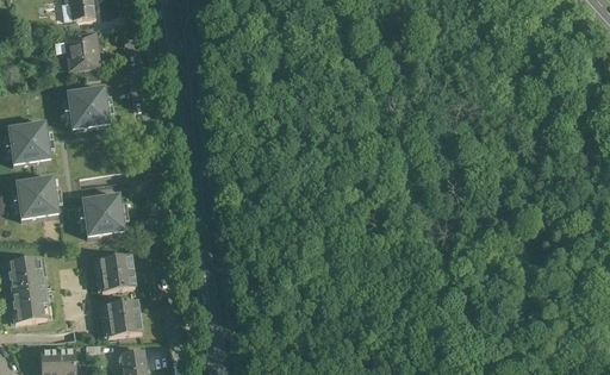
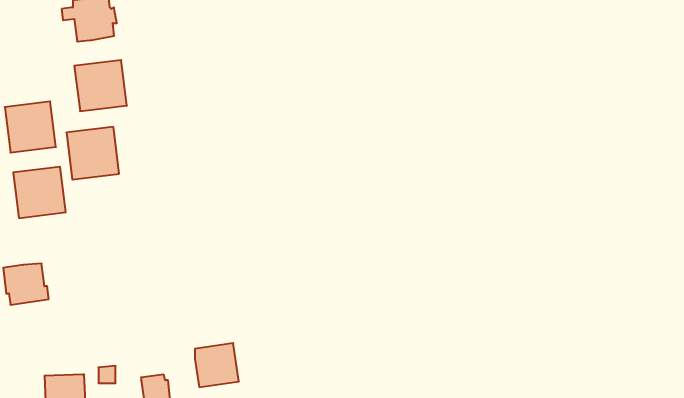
building: [81,192,125,236] -> [66,127,119,180]
building: [97,252,133,289] -> none
building: [11,286,46,321] -> none
building: [104,298,141,335] -> [195,343,239,387]

